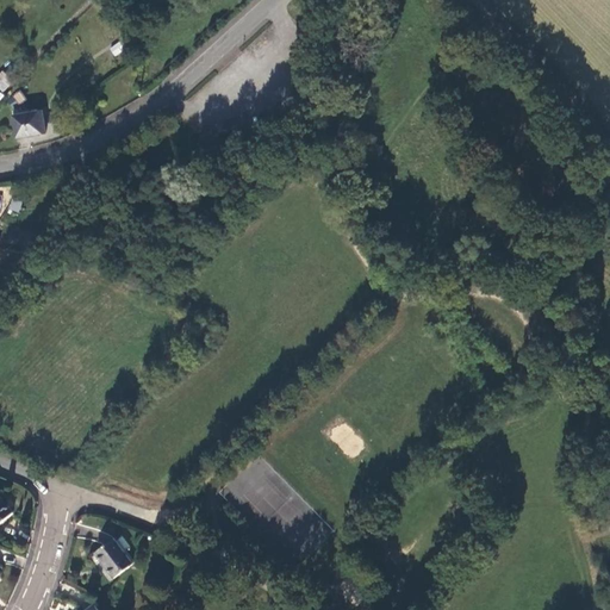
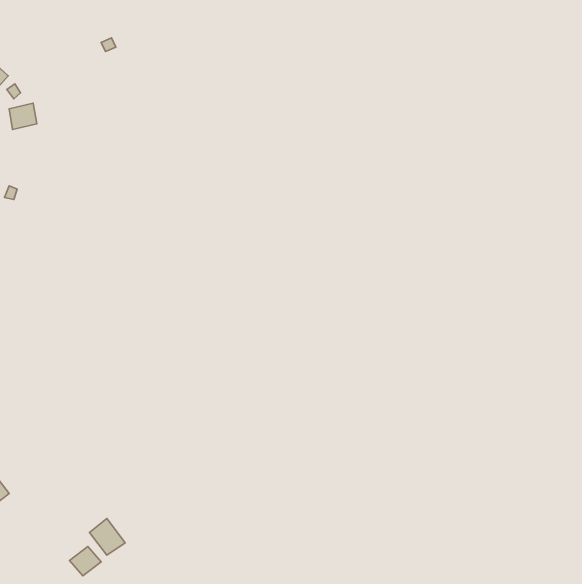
building: none -> [69,546,101,576]

